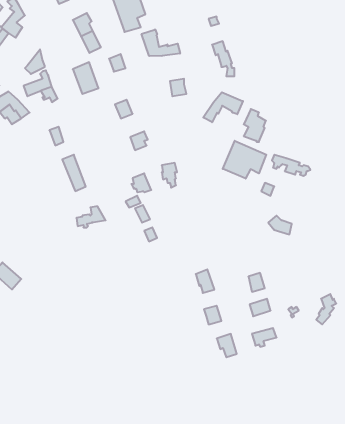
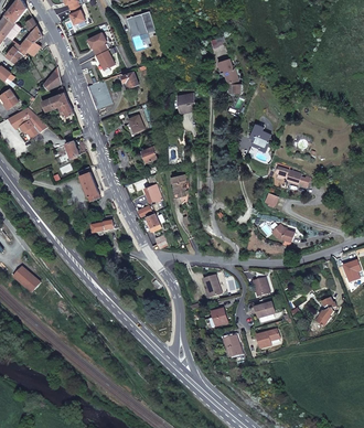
building: [142,29,180,56] -> none
building: [203,92,243,122] -> none
building: [223,141,266,179] -> none

